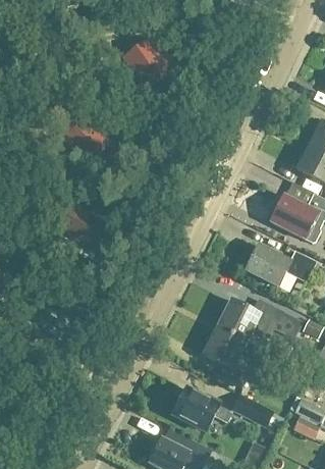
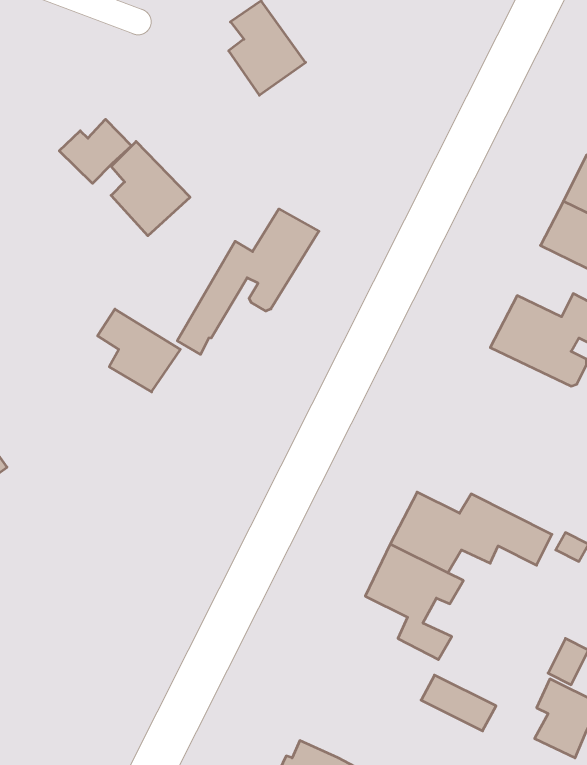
building: none -> [59,119,132,183]
building: none -> [177,209,319,354]
building: [246,245,315,286] -> none
building: [173,388,231,430] -> none

